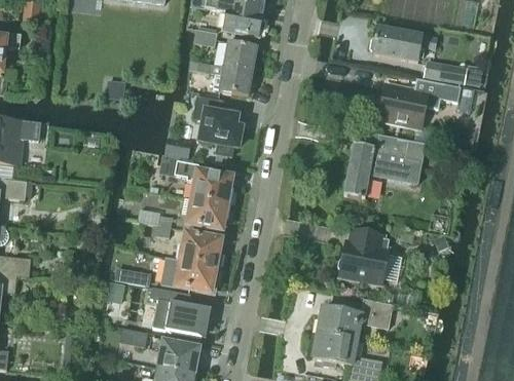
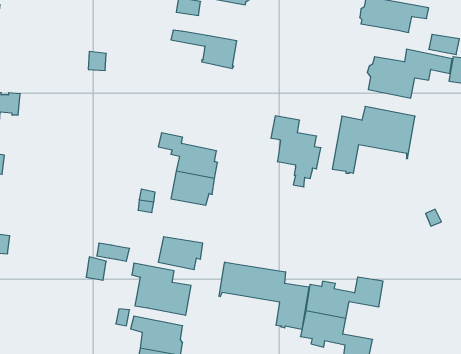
building: [222,40,256,70] -> none
building: [193,96,242,164] -> [271,116,321,187]
building: [337,229,389,281] -> none
building: [180,232,221,266] -> none
building: none -> [219,262,309,329]

